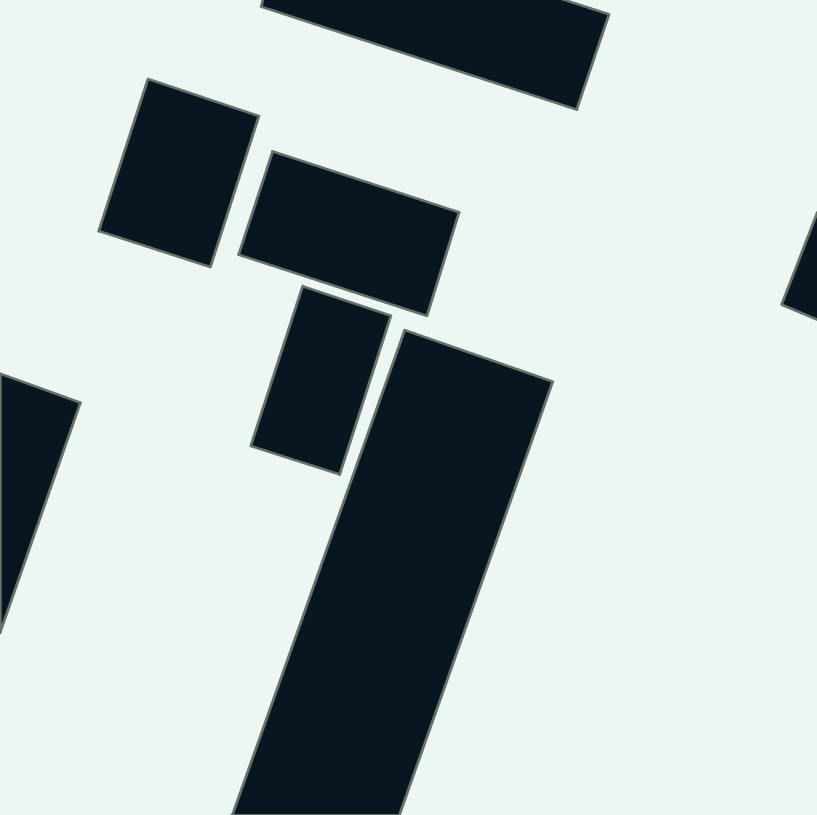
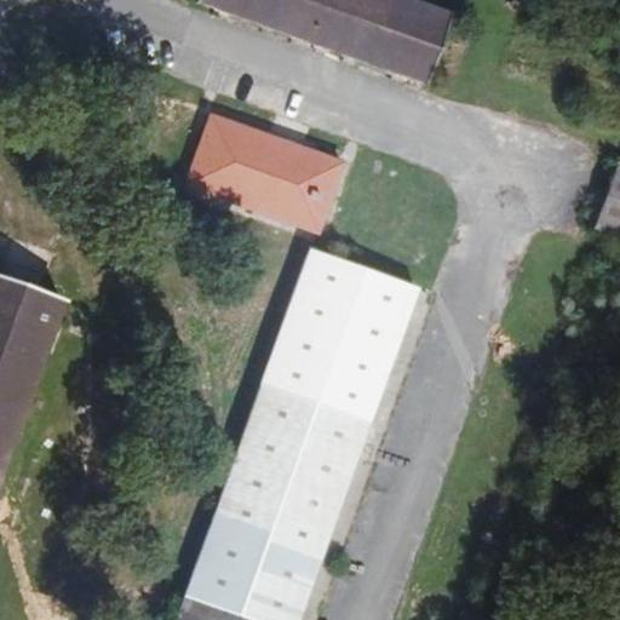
building: [99,79,259,267] -> none
building: [251,286,391,475] -> none

